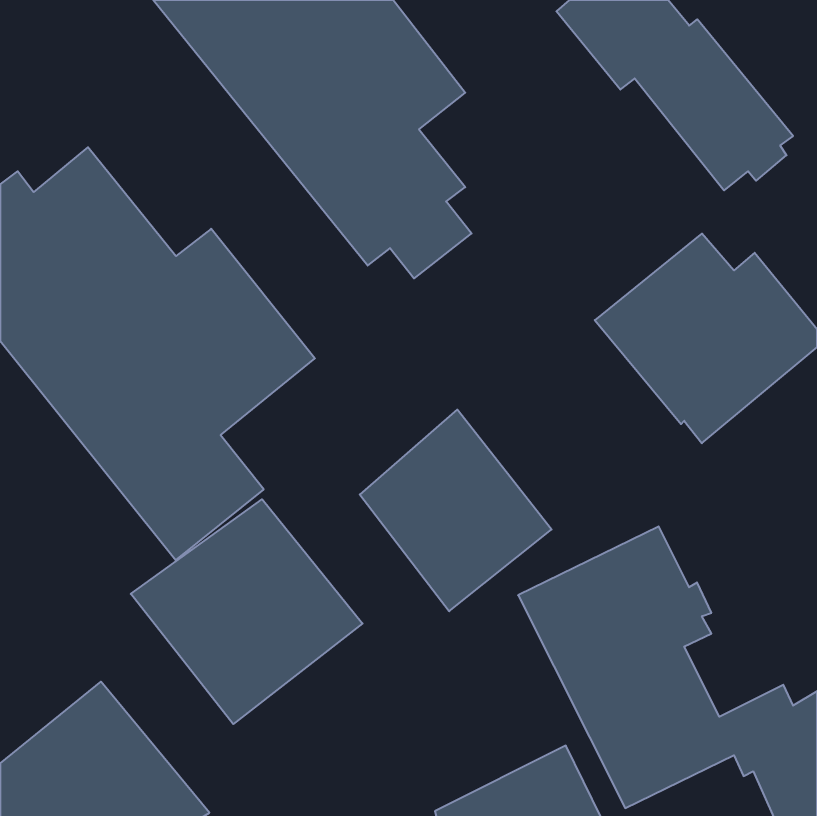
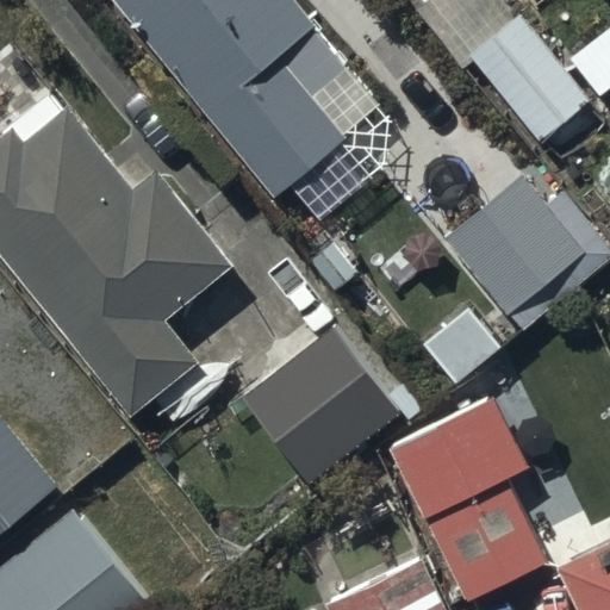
building: [131,499,363,724] -> none

